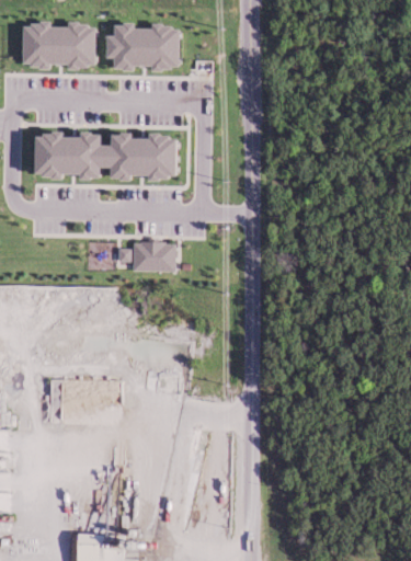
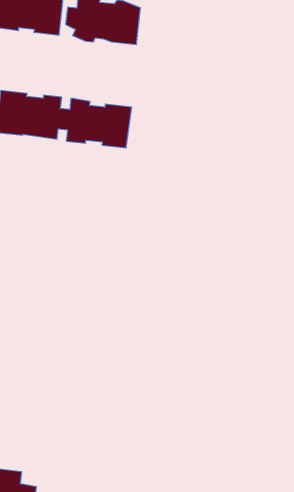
building: [113,243,170,273] -> none

